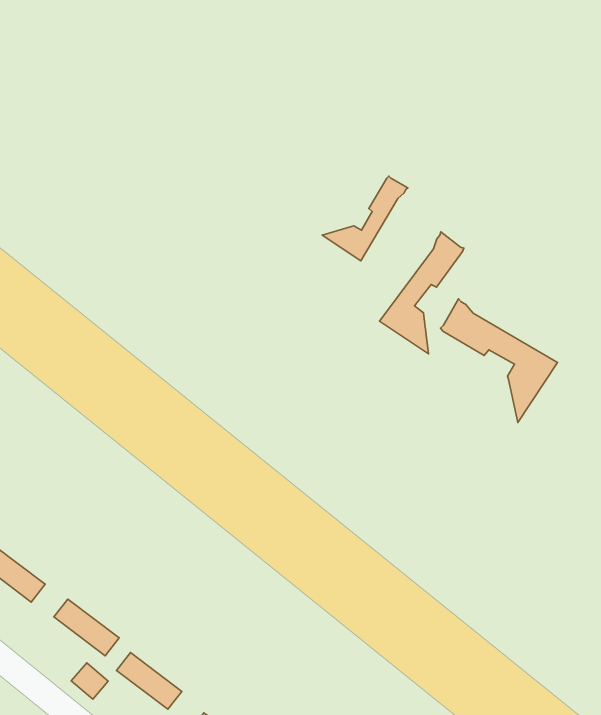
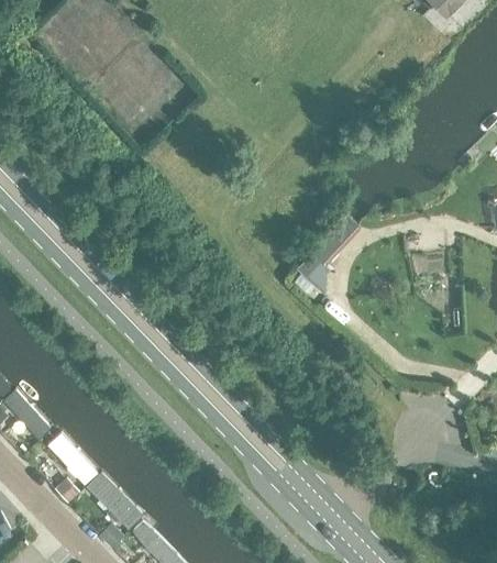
building: [322,176,408,261] -> none
building: [440,299,558,422] -> none

